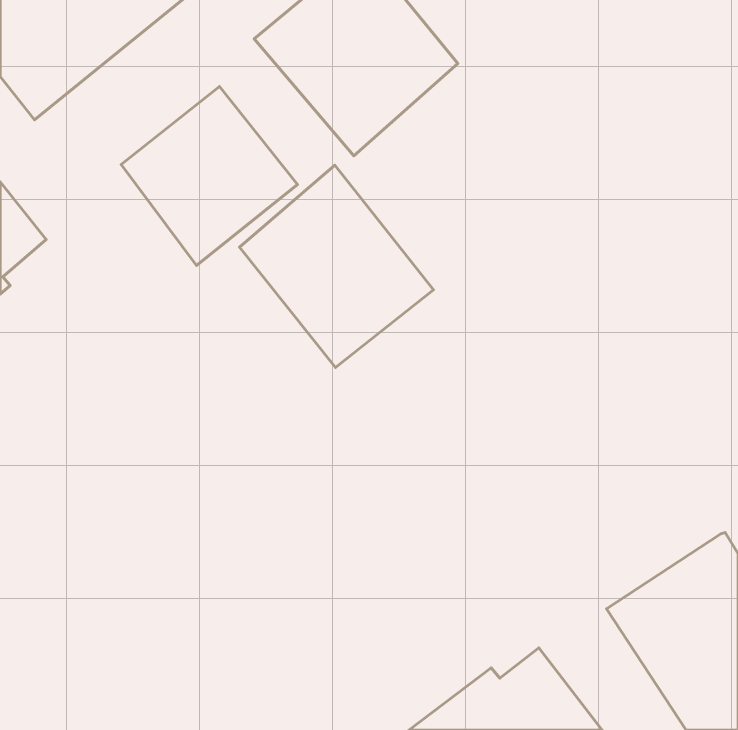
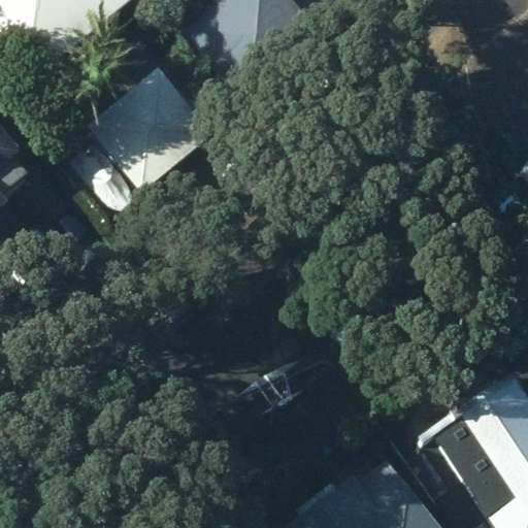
building: [240,165,433,368] -> none

